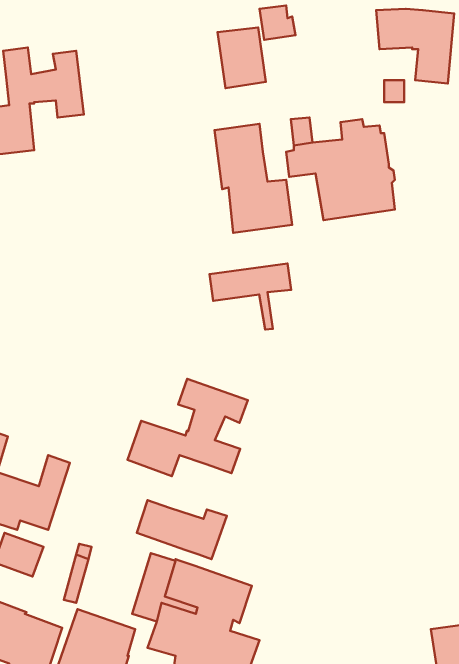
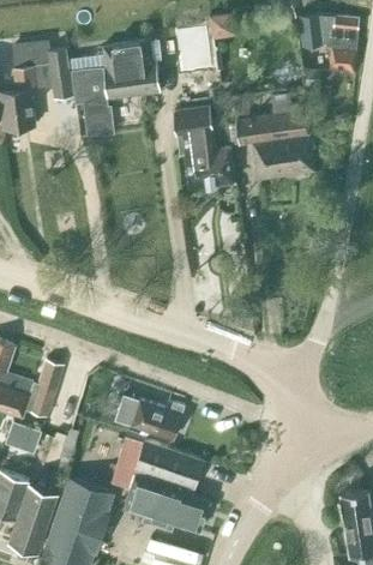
building: none -> [72,41,160,137]
building: [210,263,291,329] -> none
building: [127,379,248,476] -> none

